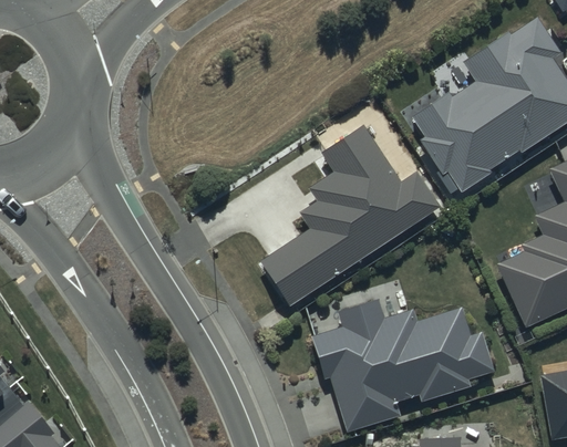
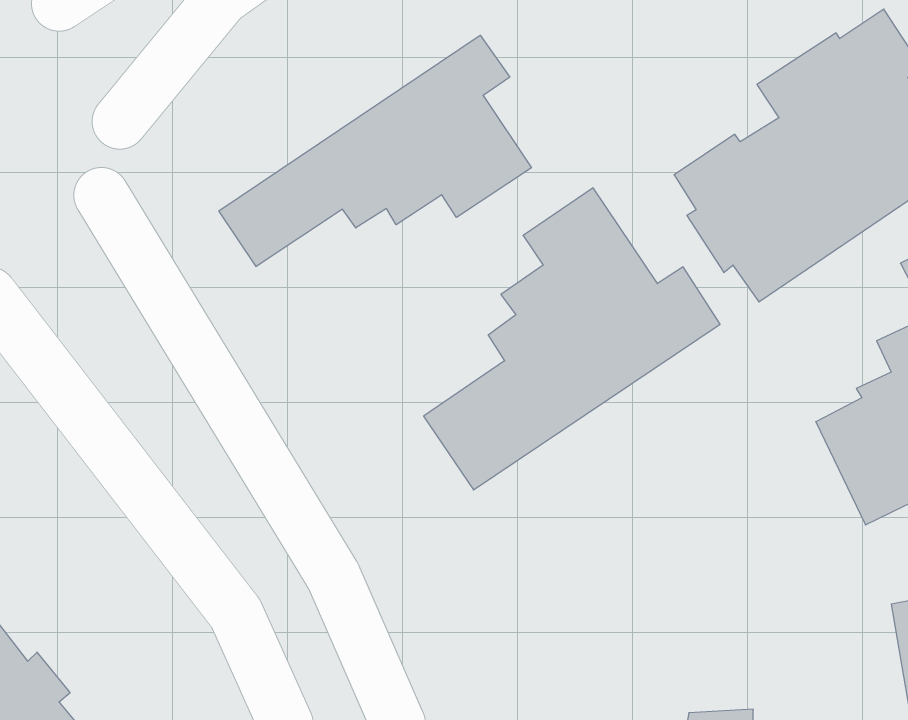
building: none -> [219,35,531,267]
building: [311,297,495,437] -> none

